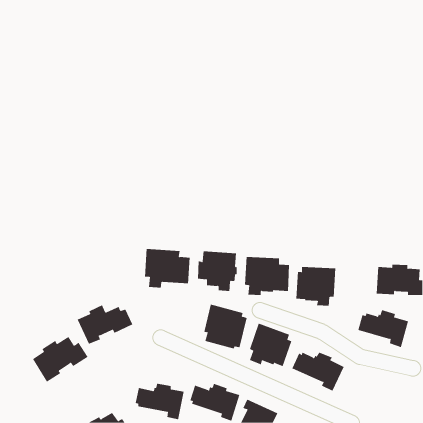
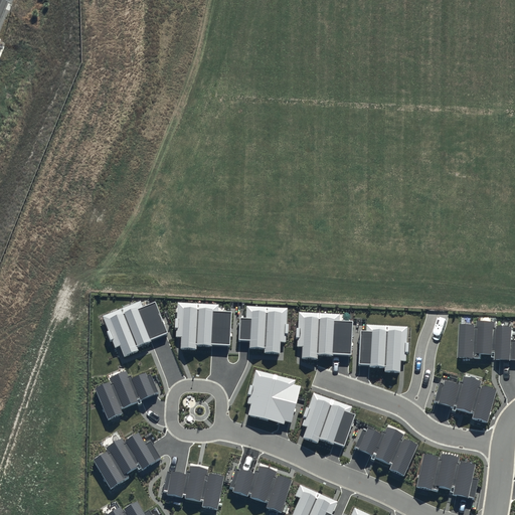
building: none -> [103,301,168,357]
building: [32,336,89,382] -> [93,433,161,489]
building: none -> [416,453,479,498]

